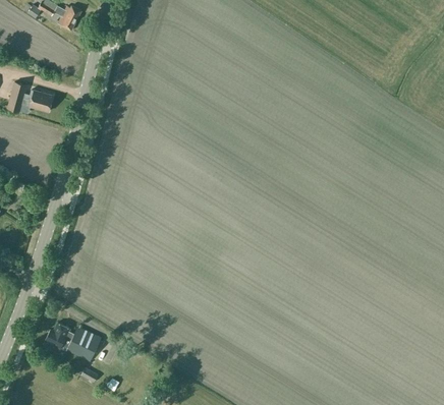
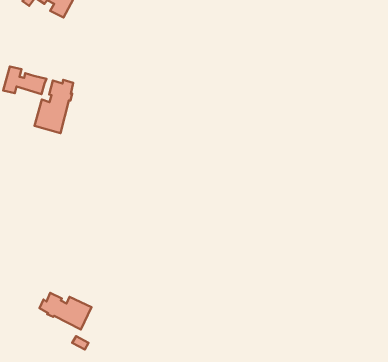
building: none -> [35,80,73,133]

